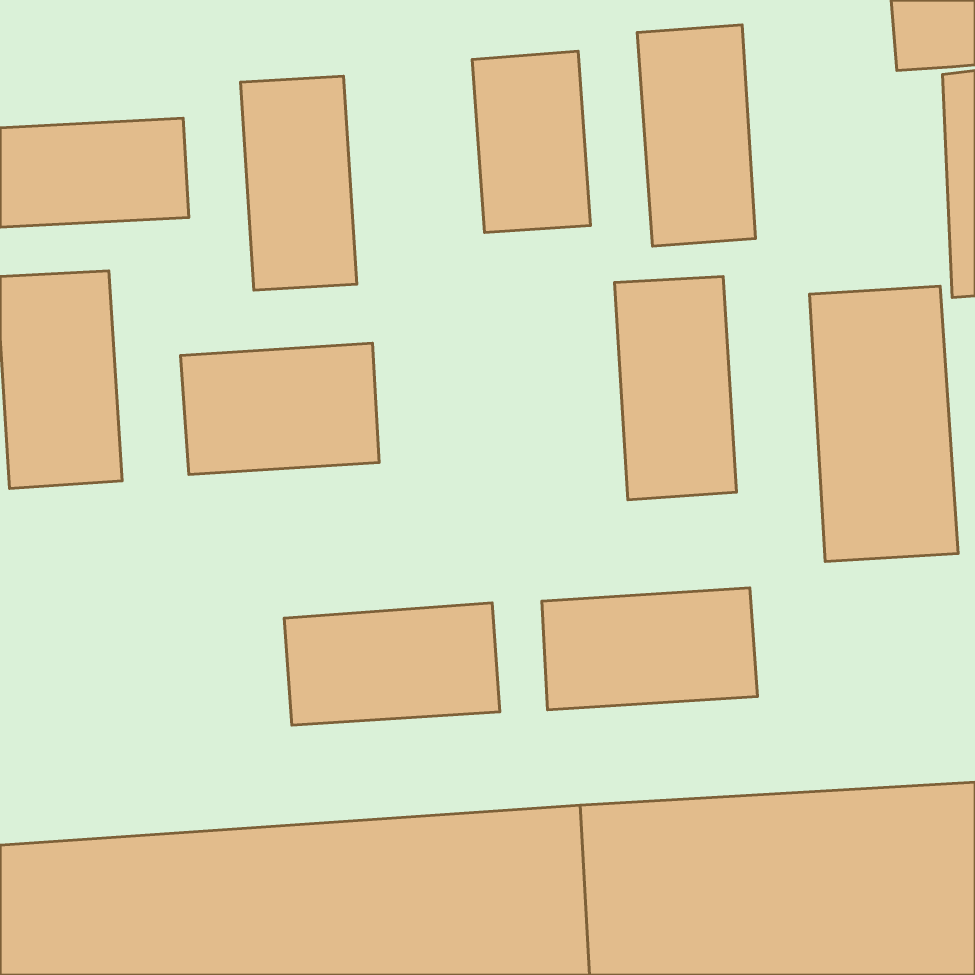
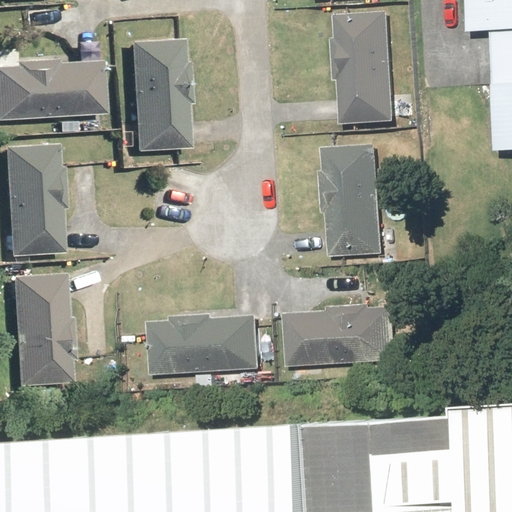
building: [472,51,591,233] -> none
building: [809,286,958,562] -> none
building: [180,343,379,474] -> none
building: none -> [5,273,71,386]

